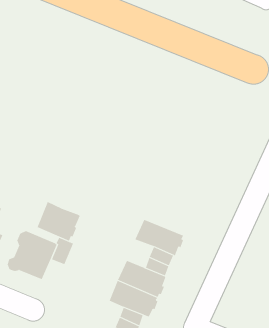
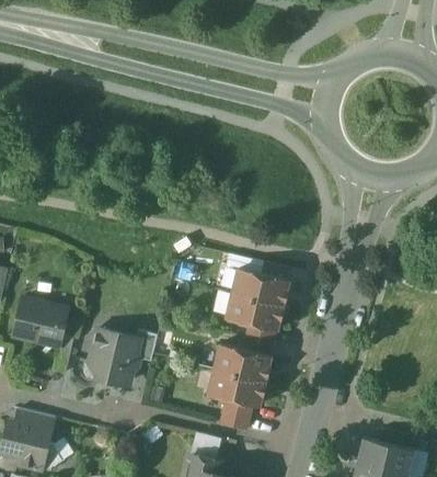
building: none -> [232,268,288,304]
building: [37,201,80,242] -> none

